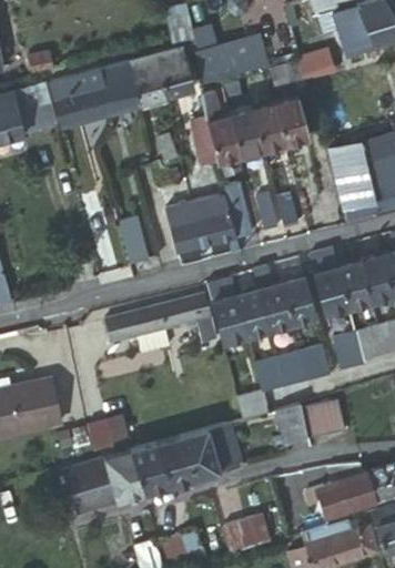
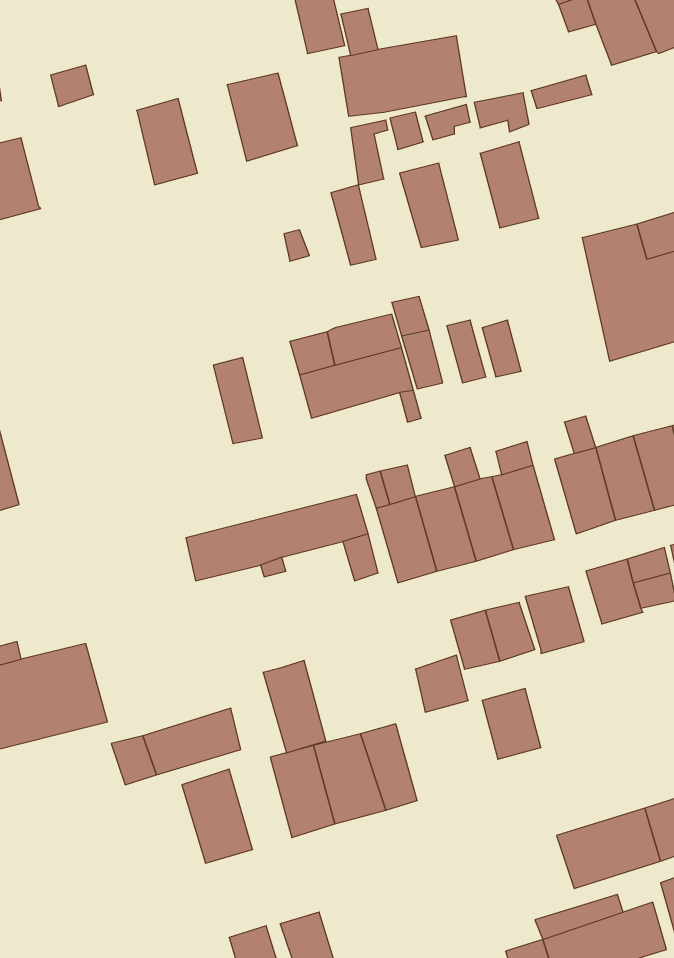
building: [159,48,195,97] -> none
building: [102,62,141,112] -> none
building: [52,77,89,125] -> none
building: [13,84,51,131] -> none
building: [250,101,284,150] -> none
building: [204,112,240,161] -> none
building: [308,396,347,433] -> none
building: [131,443,166,495] -> [263,661,326,753]
building: [60,458,118,516] -> none
building: [225,513,272,547] -> none

